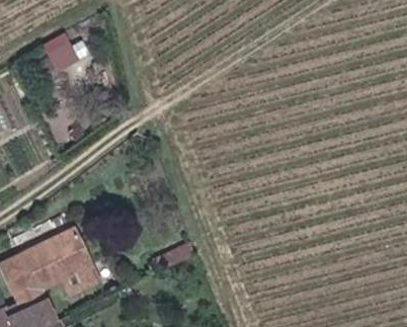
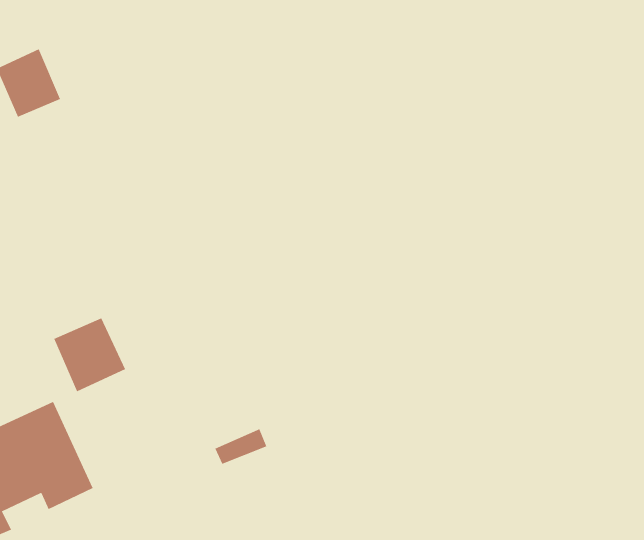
building: none -> [53,318,126,392]

